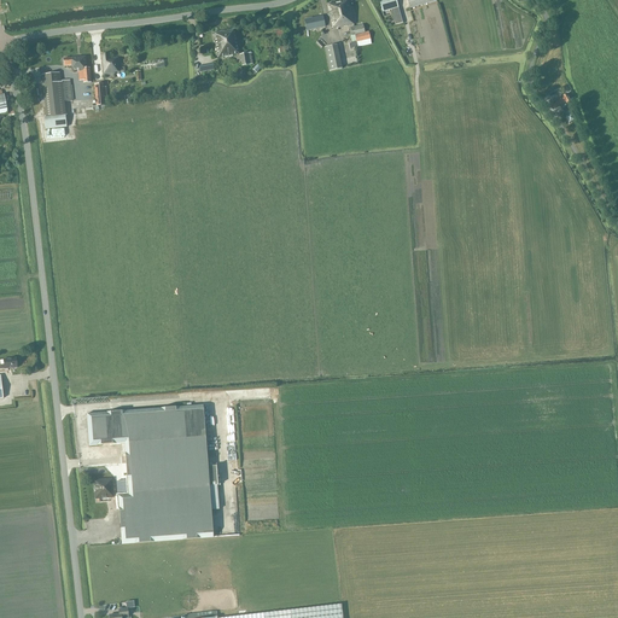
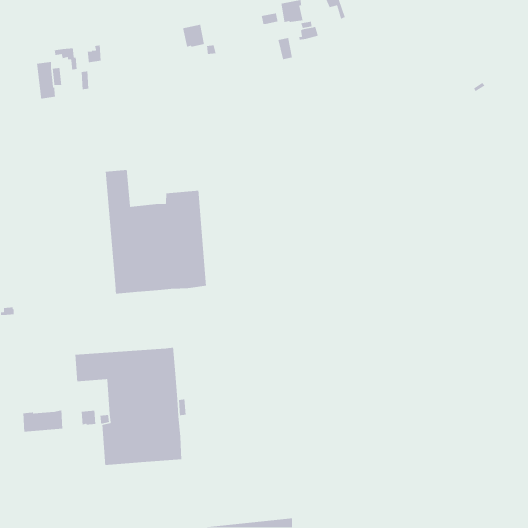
building: none -> [105,169,207,294]
building: none -> [22,410,63,432]

